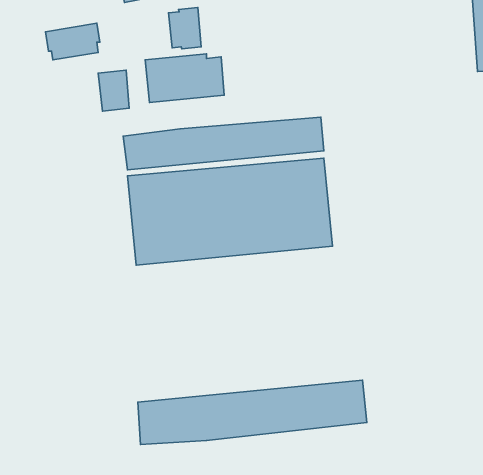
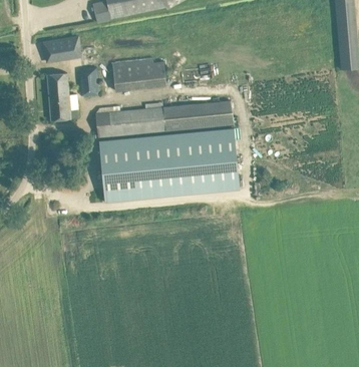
building: [169,8,201,49] -> none
building: none -> [47,72,78,120]
building: [138,380,367,445] -> none

